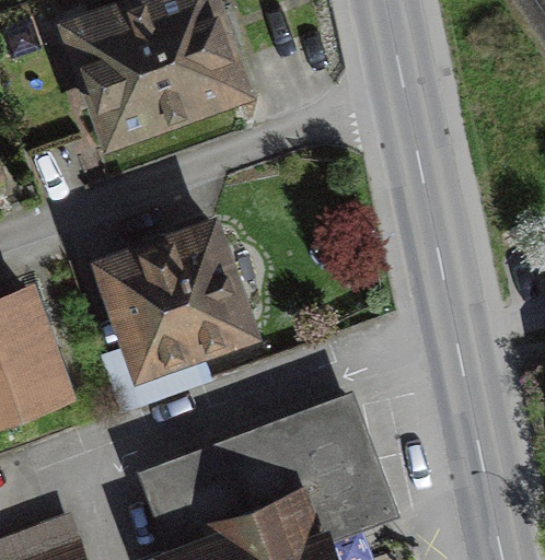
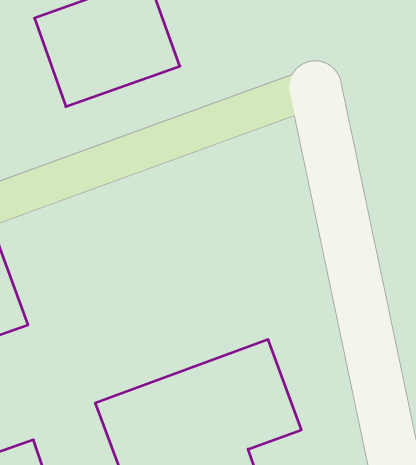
building: [105,229,248,361] -> none

